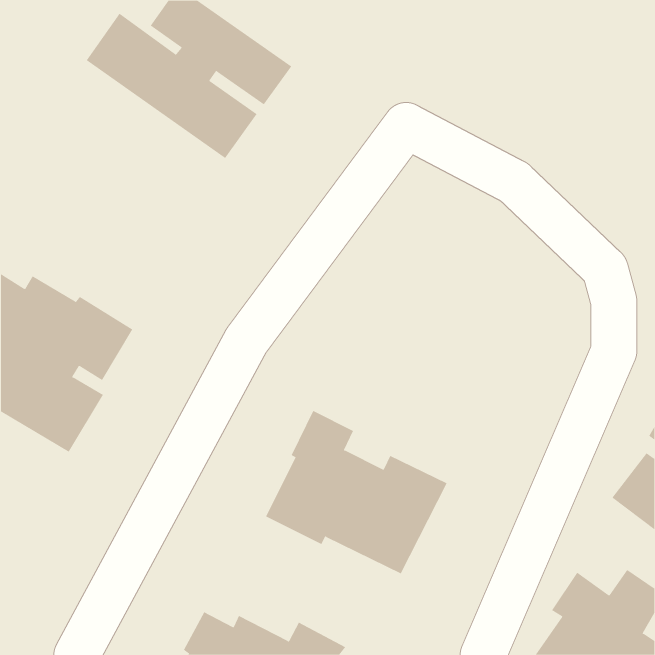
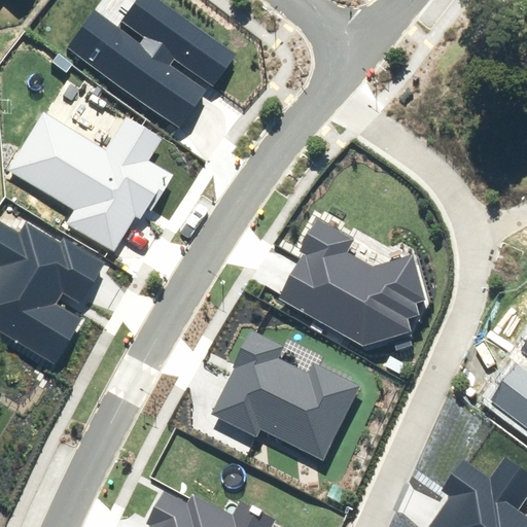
building: none -> [6,113,173,252]
building: none -> [279,217,426,346]

